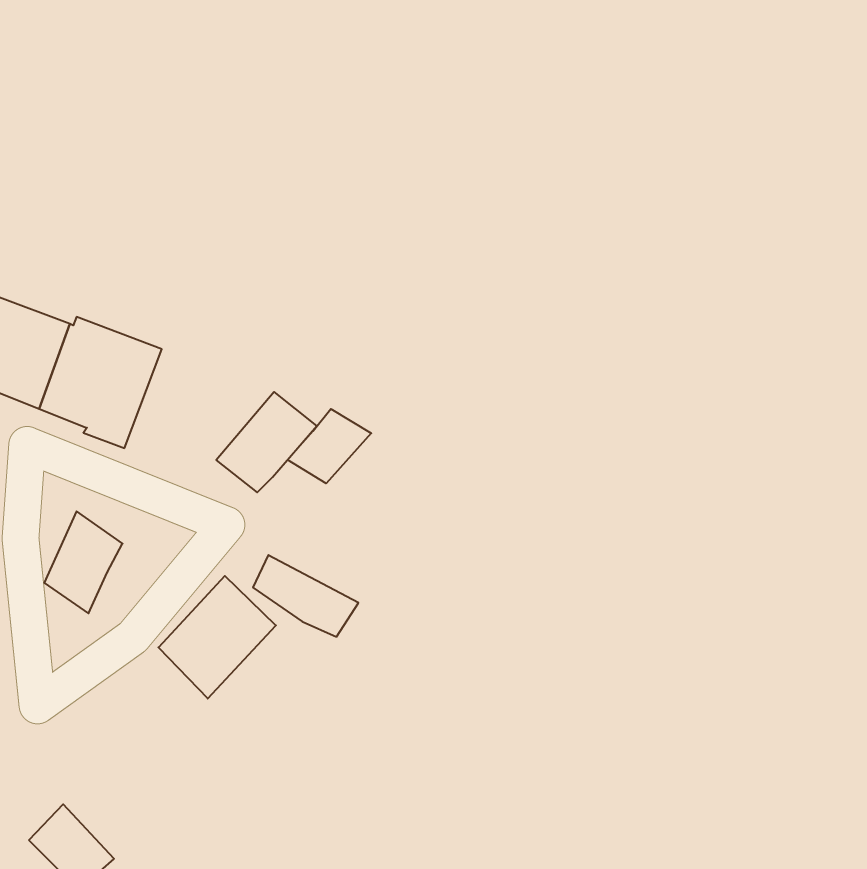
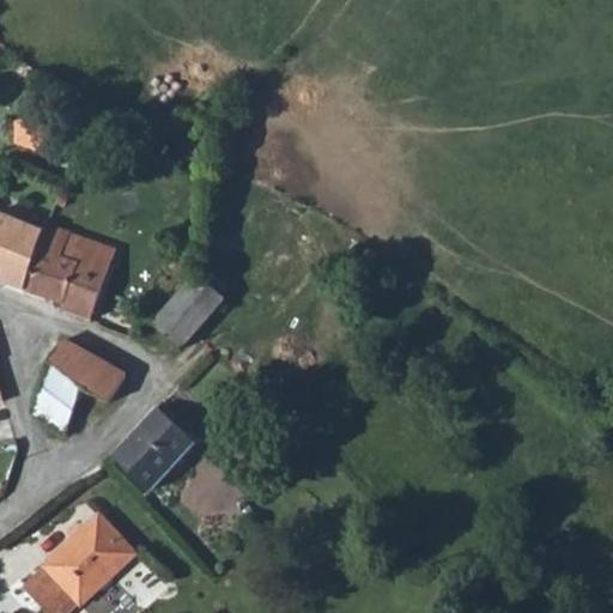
building: [288,409,371,483] -> none
building: [253,555,358,637] -> [54,338,128,395]
building: none -> [44,516,132,605]

